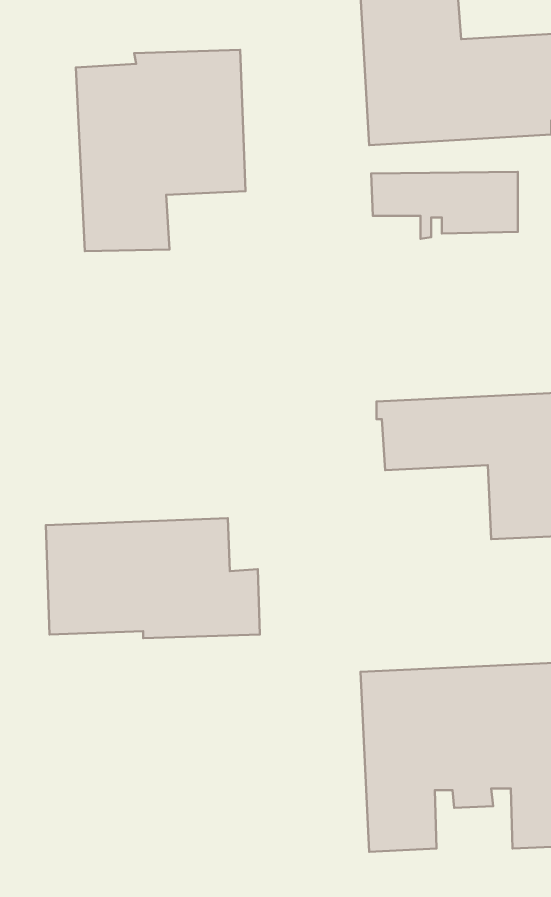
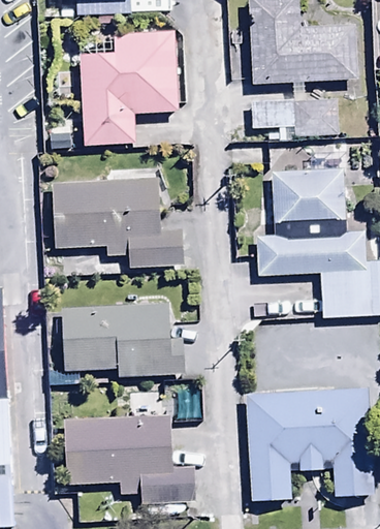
building: none -> [273,151,348,220]
building: none -> [52,172,181,267]
building: none -> [64,416,196,503]

